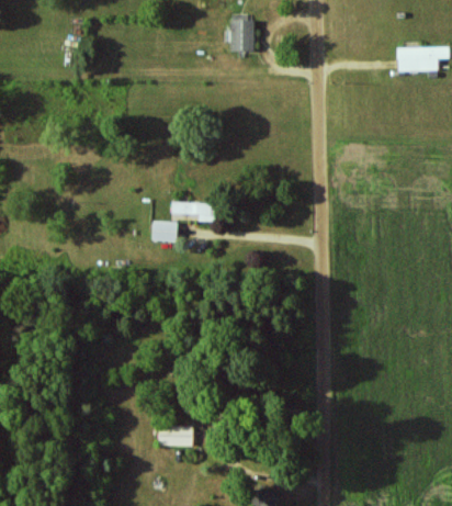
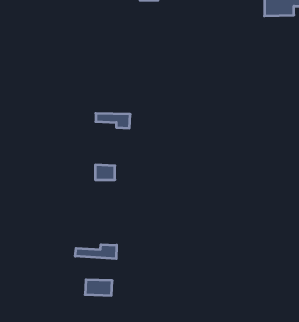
building: [150,221,177,240] -> [95,165,115,180]
building: none -> [75,245,117,259]

